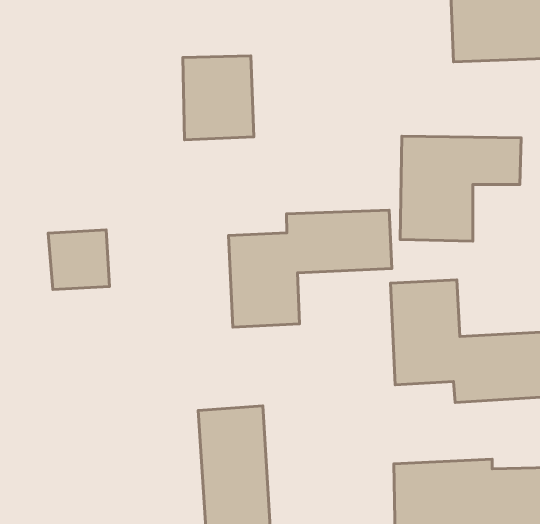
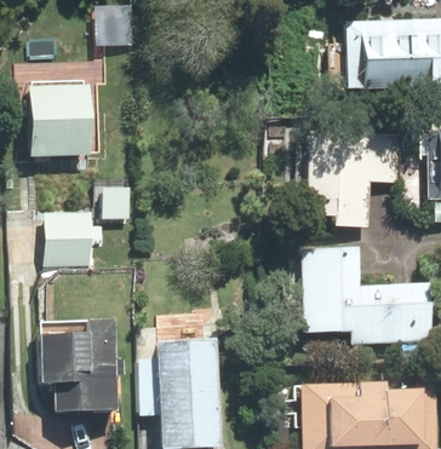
building: [183,56,254,140] -> [30,90,84,152]
building: [228,210,392,327] -> none
building: none -> [40,322,115,411]

